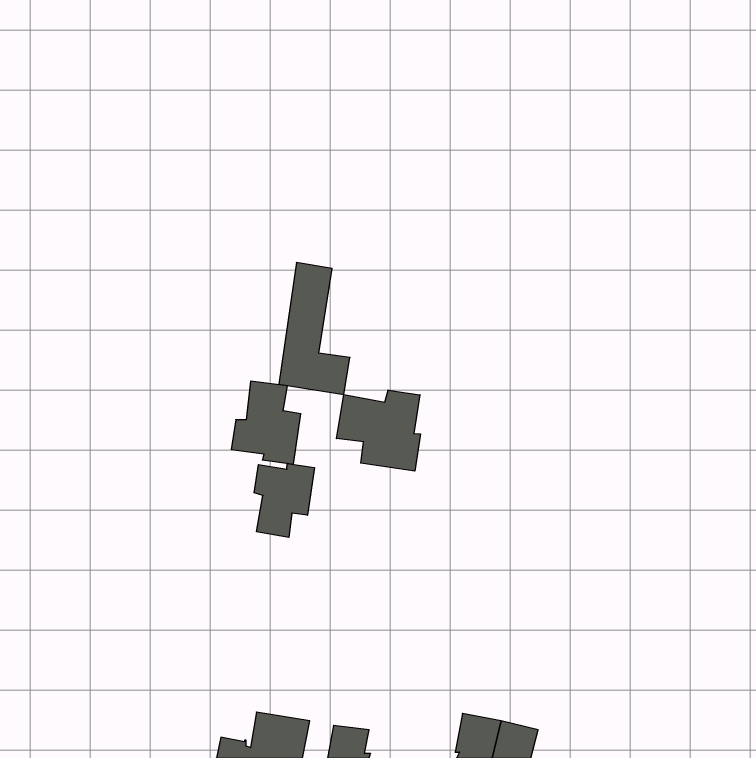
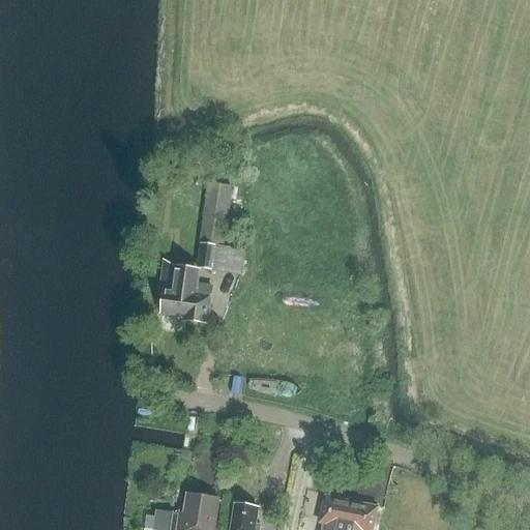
building: [336,390,420,471] -> none
building: [254,463,314,537] -> none

